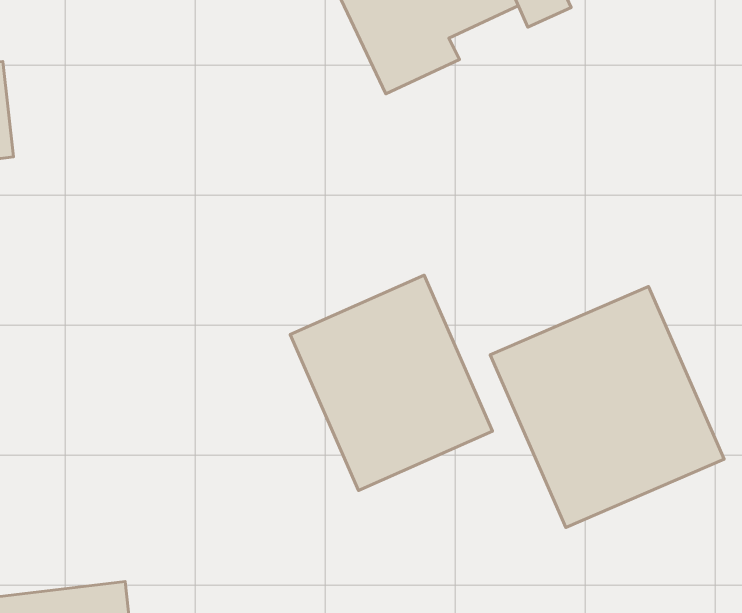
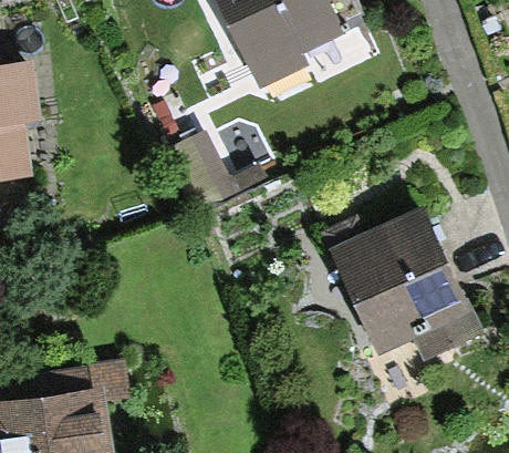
building: [290,275,493,491] -> none

